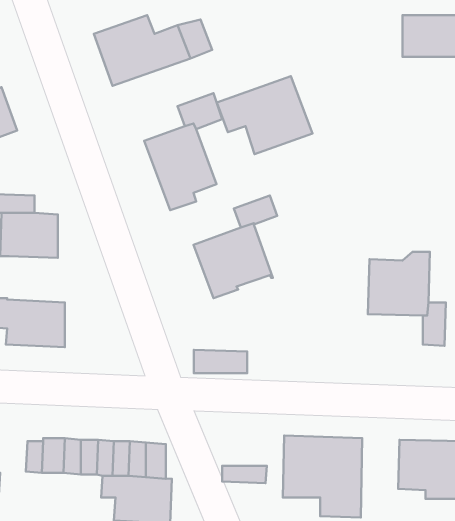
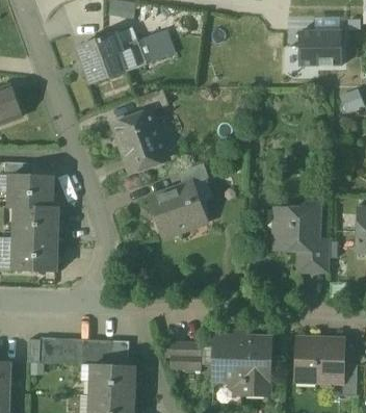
building: [217,76,312,154] -> none
building: none -> [15,206,57,239]
building: [194,350,247,373] -> [163,340,202,357]

